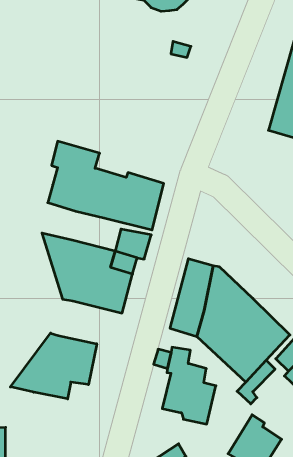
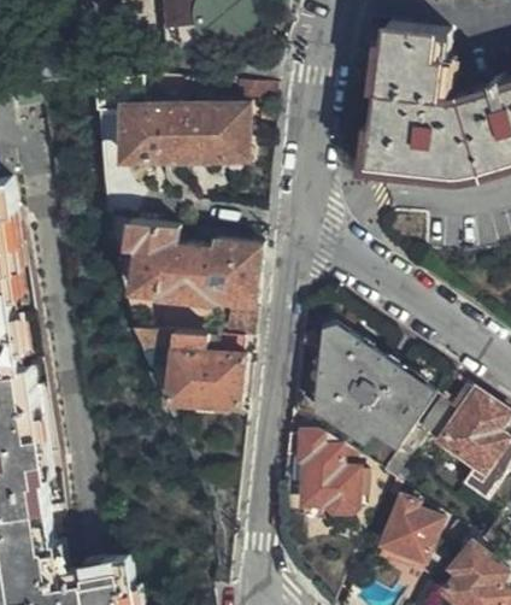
building: none -> [98,76,245,159]
building: [10,333,97,399] -> none

